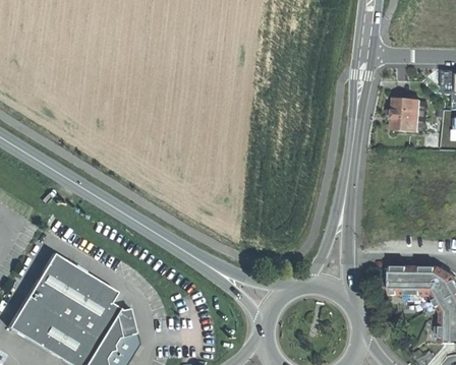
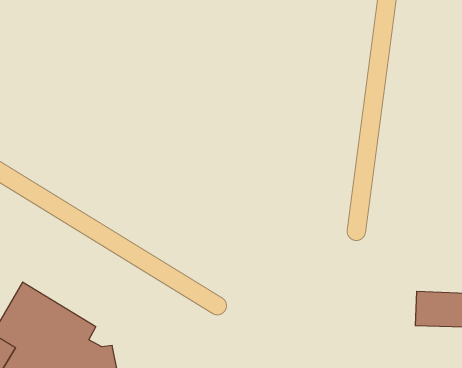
building: [389,99,419,132] -> none

